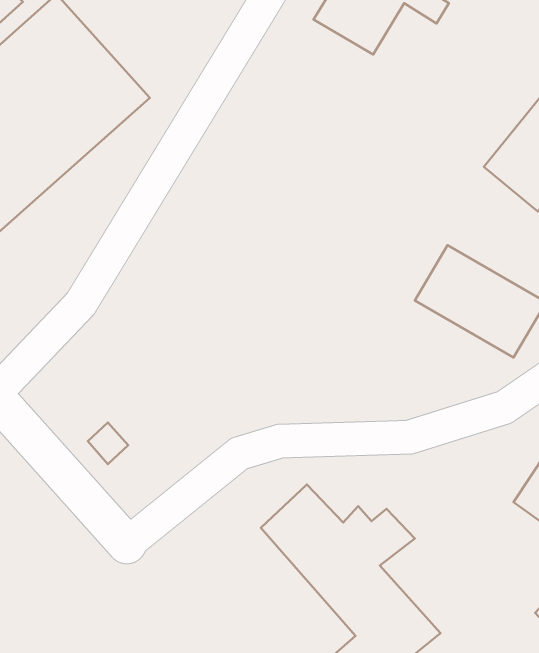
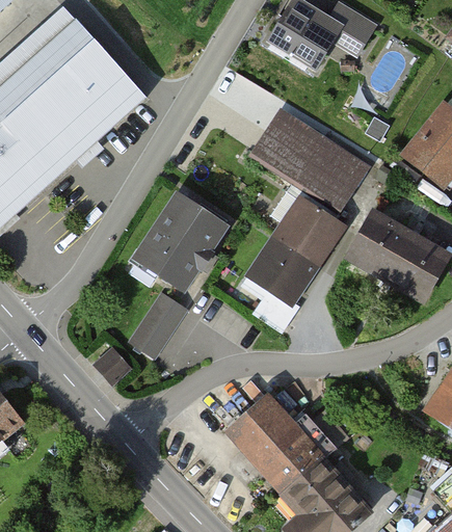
building: none -> [250,112,366,328]
building: none -> [140,193,224,286]
building: none -> [132,291,187,354]

